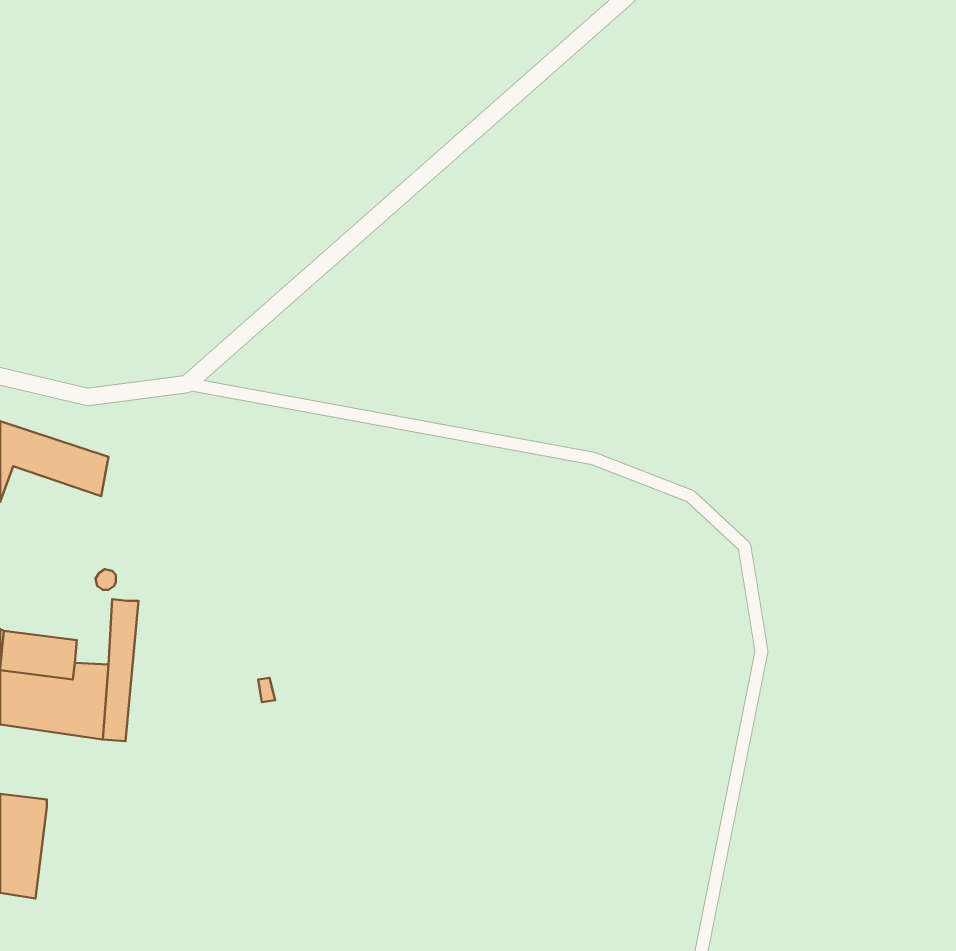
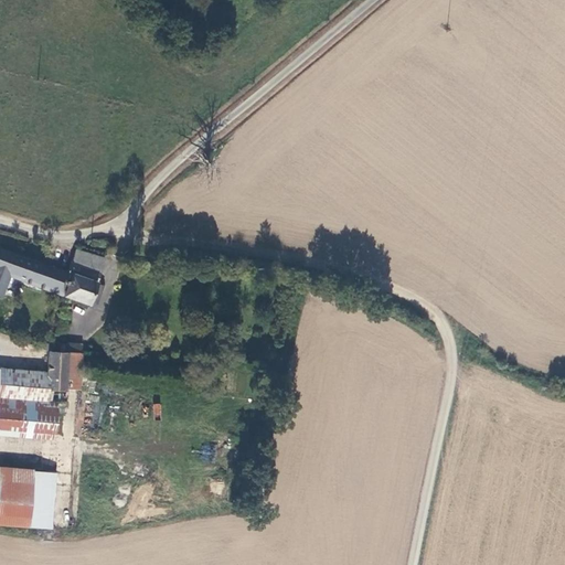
building: none -> [60,247,103,301]
building: none -> [44,351,66,392]
building: none -> [21,476,47,532]

